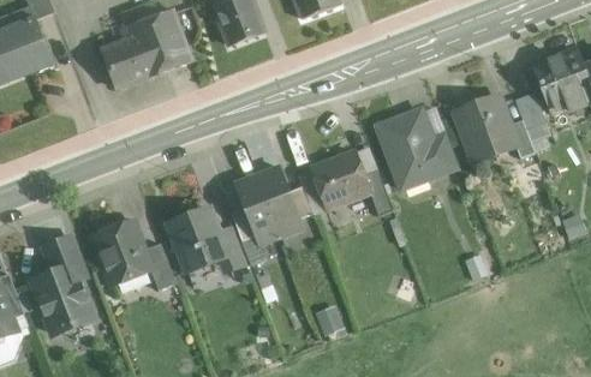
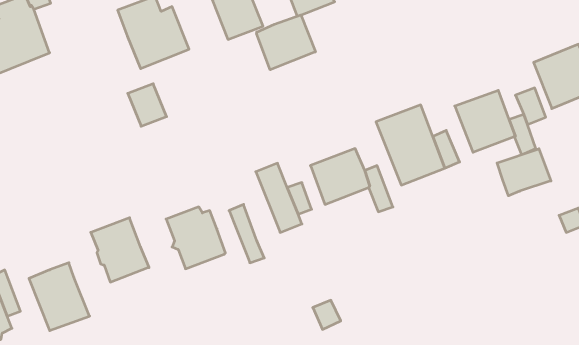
building: none -> [257,15,315,70]
building: [105,41,143,83] -> [128,84,167,126]
building: none -> [497,149,551,196]
building: [235,175,281,244] -> none
building: [219,226,250,269] -> none
building: [42,235,86,280] -> none
building: [143,243,177,289] -> none

